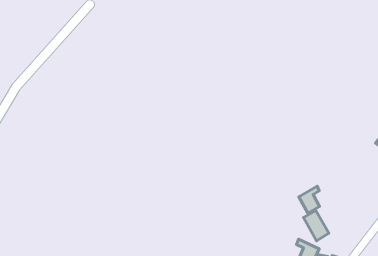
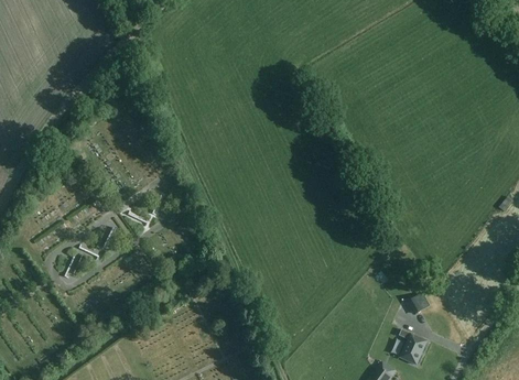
building: [299,186,320,213] -> none

